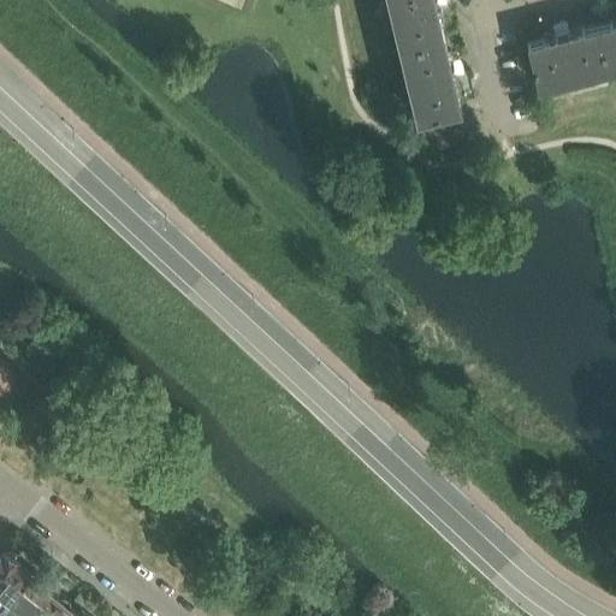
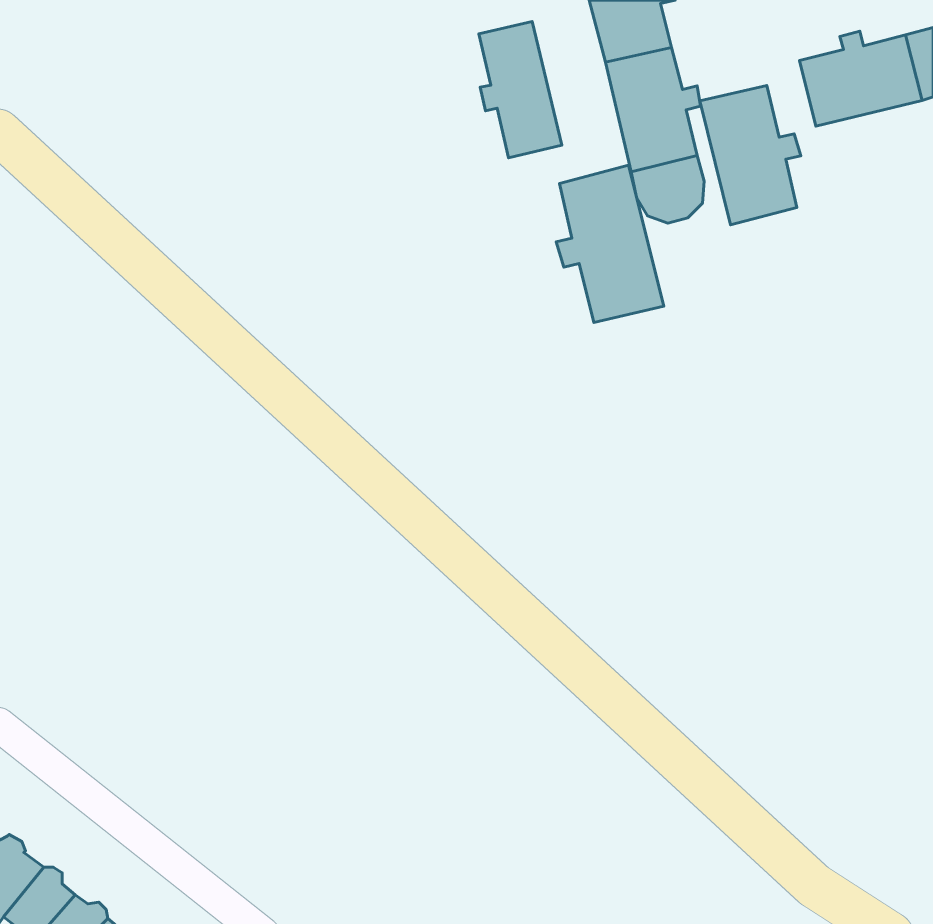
building: none -> [479,21,562,158]
building: none -> [700,85,801,225]
building: none -> [556,165,664,322]

